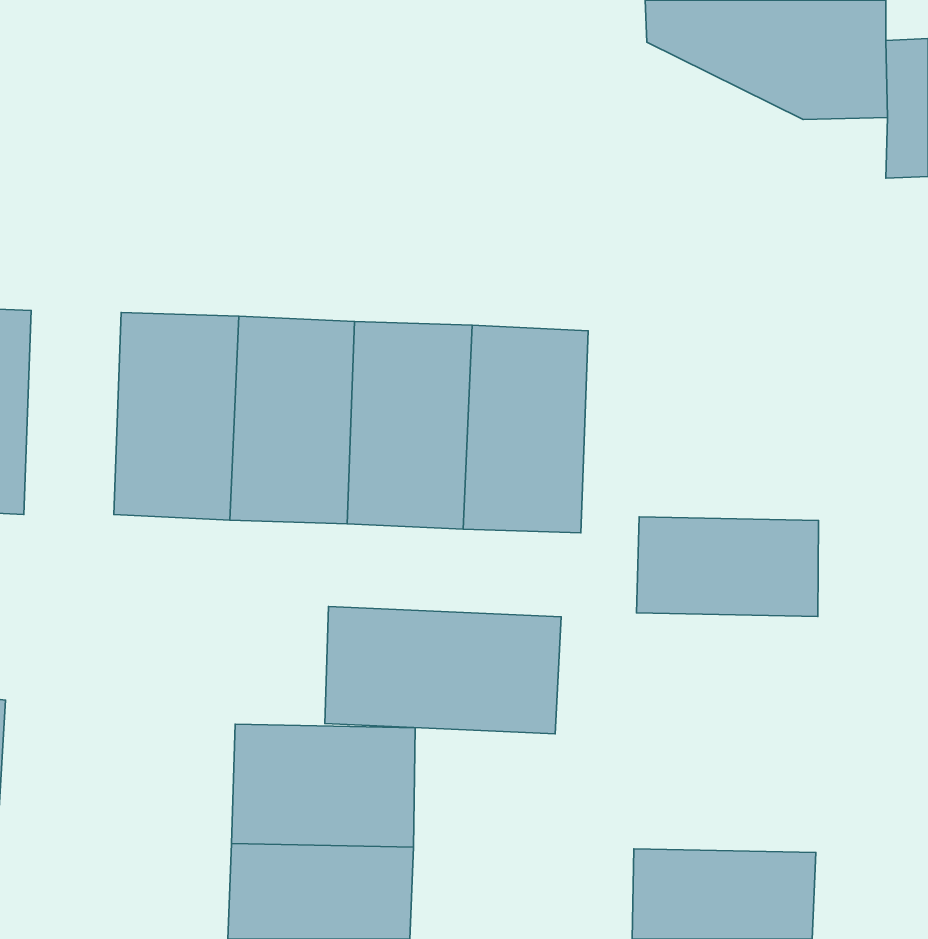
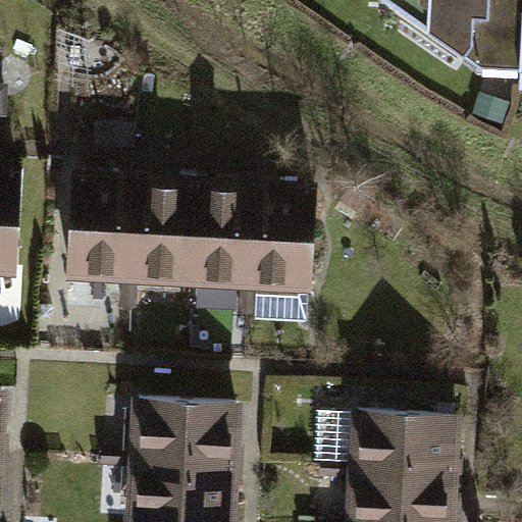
building: [637,517,819,617] -> none
building: [325,606,561,734] -> none
building: none -> [352,405,454,473]

